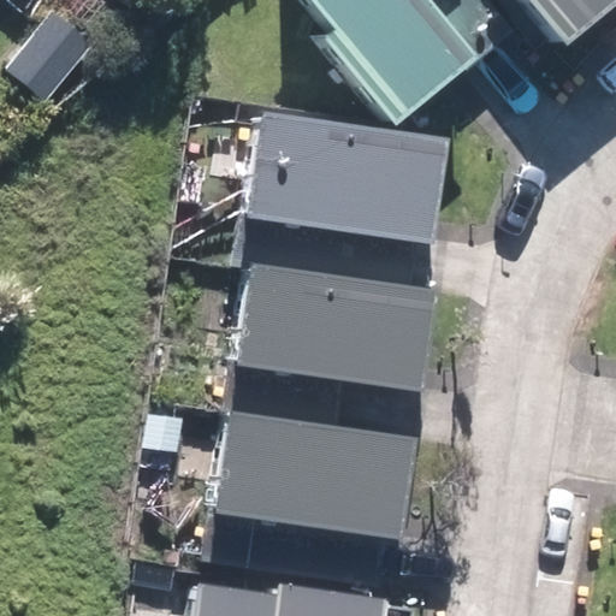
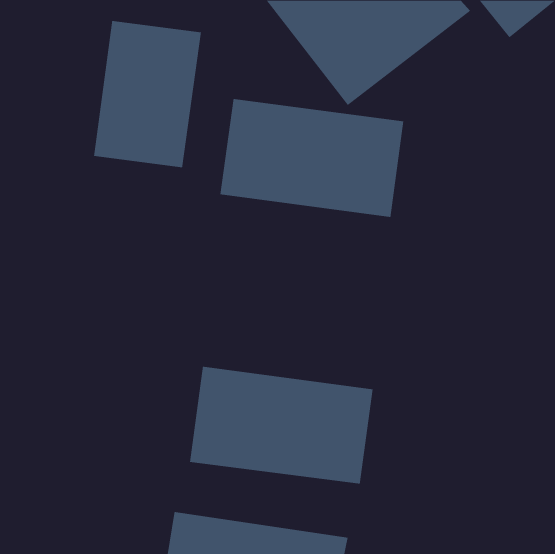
building: none -> [94,20,202,168]
building: [235,260,437,392] -> none

